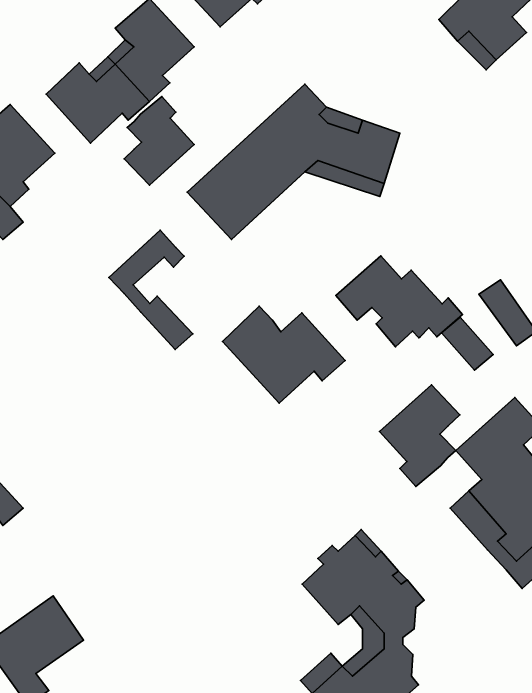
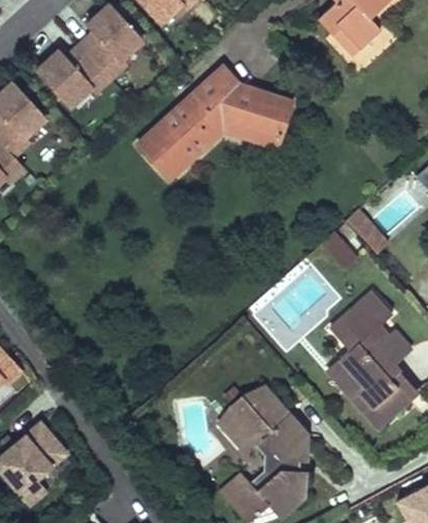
building: [124,96,194,185] -> none
building: [109,230,193,350] -> none
building: [336,256,463,347] -> none
building: [223,306,345,403] -> none
building: [380,385,460,486] -> none

